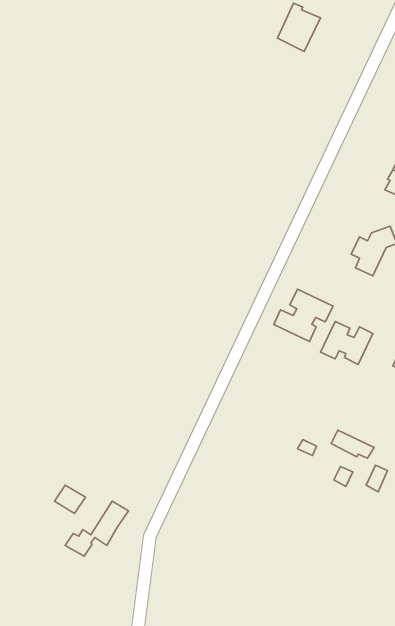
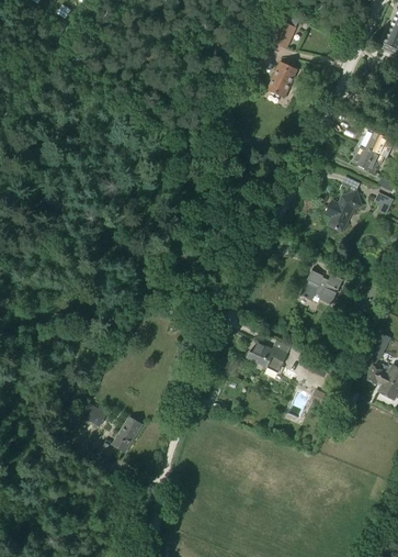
building: none -> [269,64,298,98]
building: [274,289,333,342] -> none
building: none -> [247,343,288,368]

